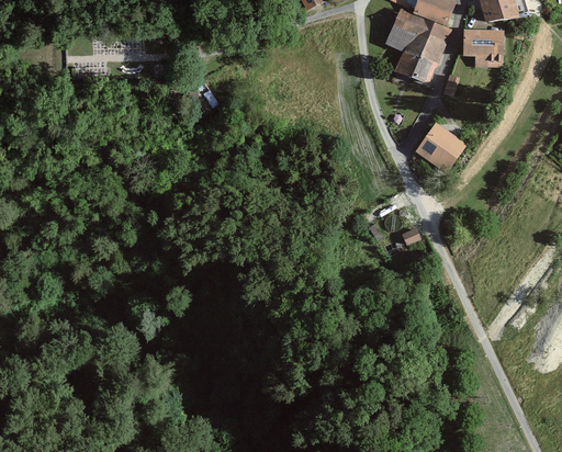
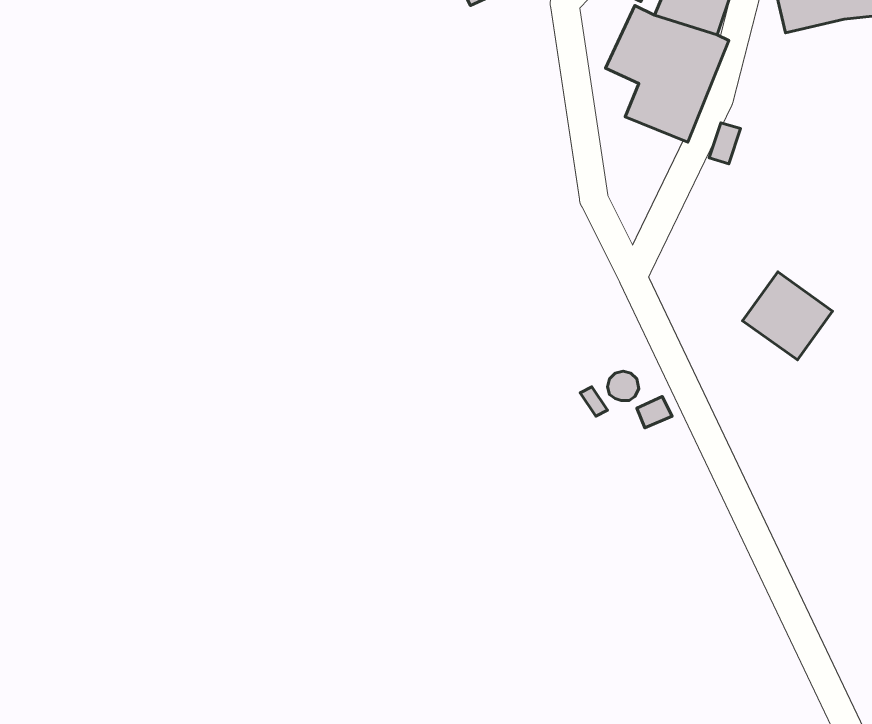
building: [462,29,503,66] -> none
building: [415,123,465,172] -> [743,272,833,360]

